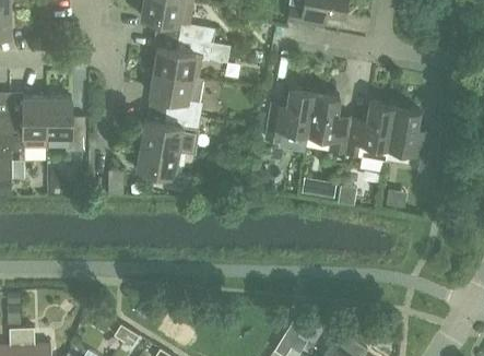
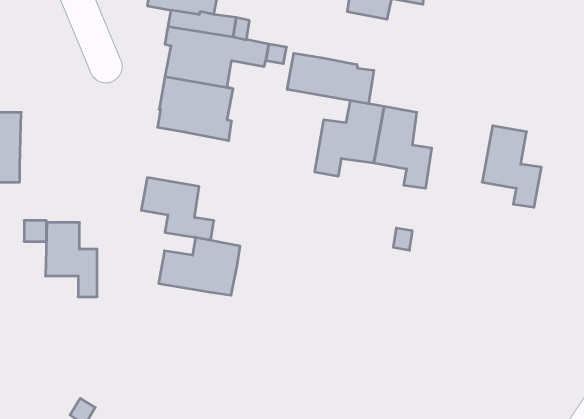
building: none -> [287,53,374,104]
building: [46,96,84,151] -> [45,223,97,297]
building: [345,102,394,155] -> none
building: [140,110,200,153] -> [159,237,240,295]

